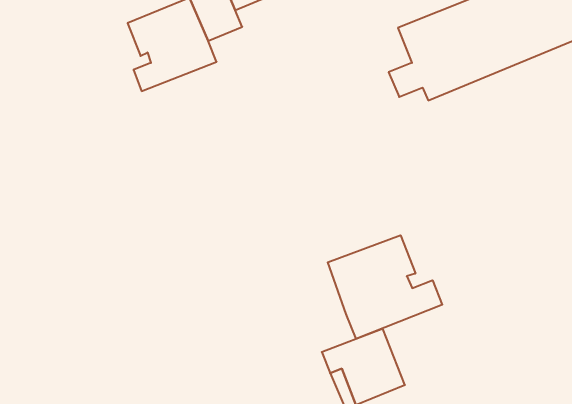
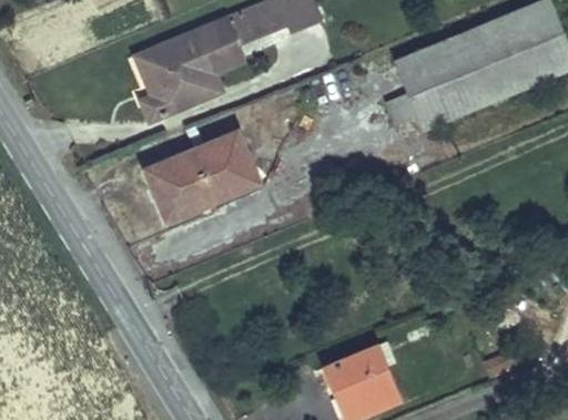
building: none -> [144,131,261,222]
building: [328,235,442,339] -> none

